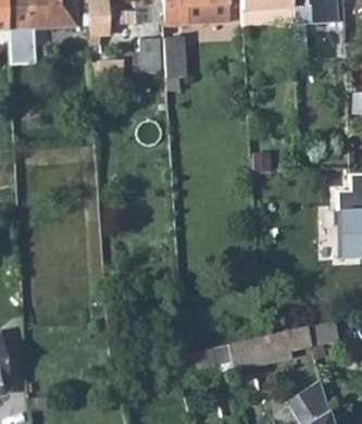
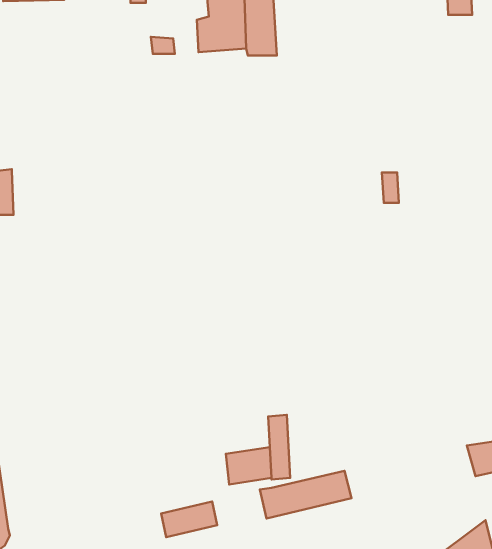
building: [229,331,291,370] -> none

